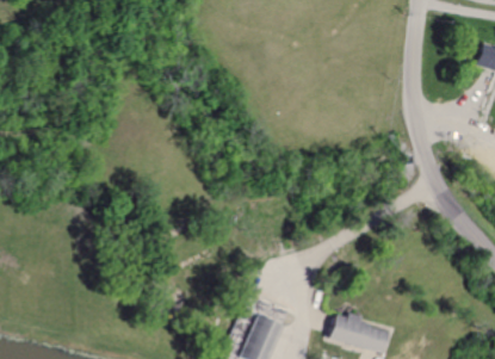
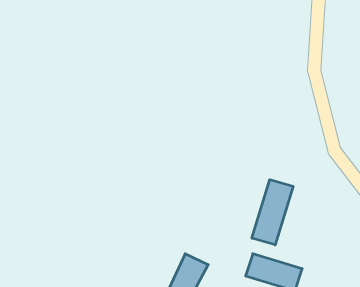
building: none -> [252,180,293,245]

